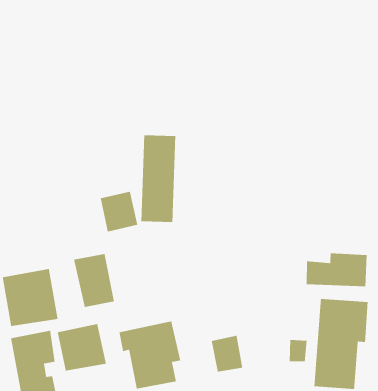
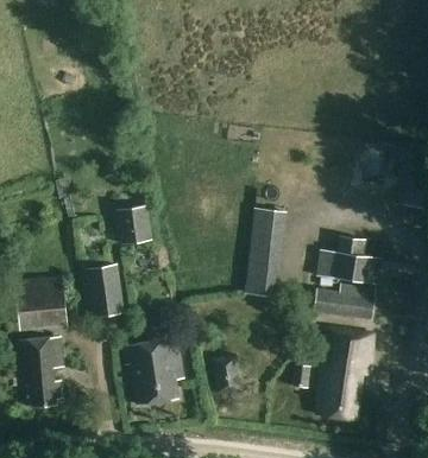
building: [140,135,176,223] -> [246,209,288,298]
building: none -> [317,237,382,285]
building: [57,323,107,371] -> none

